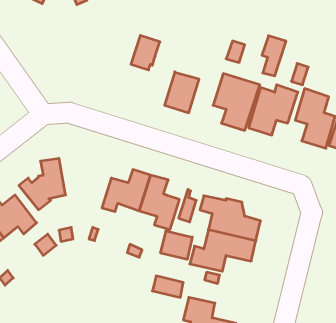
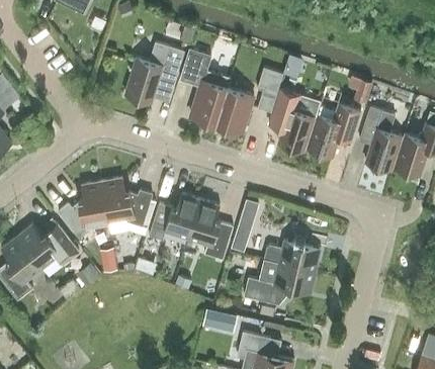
building: none -> [125,42,185,104]
building: [262,36,286,76] -> [257,68,283,111]
building: none -> [190,71,232,124]
building: none -> [102,178,153,226]
building: [161,231,192,259] -> none

